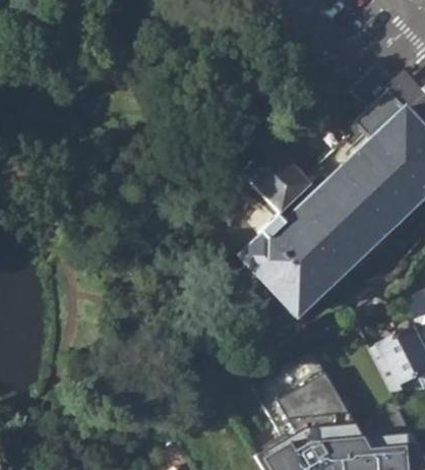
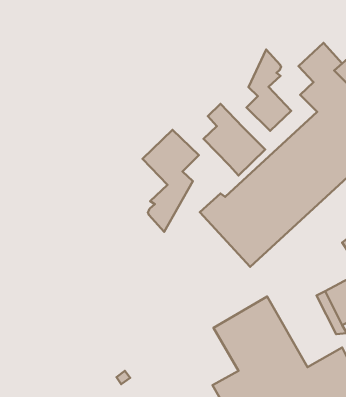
building: none -> [247,49,291,131]
building: none -> [143,130,199,232]

